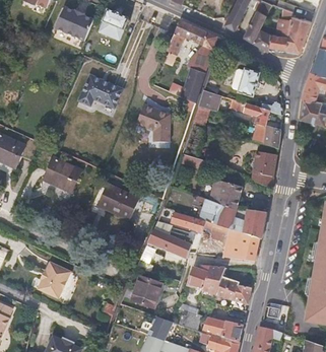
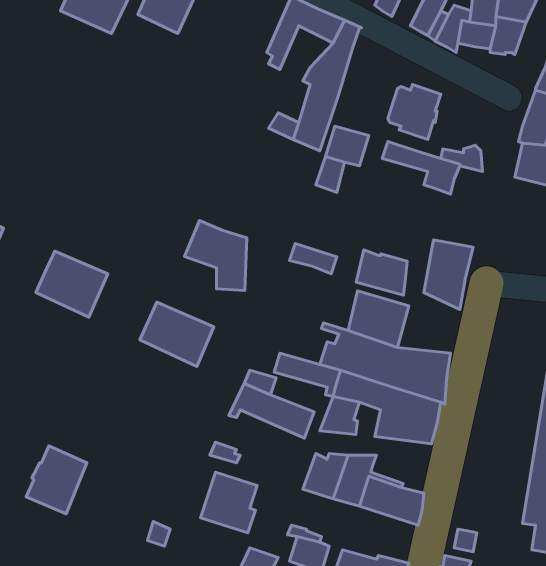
building: [78,75,123,108] -> none
building: [136,104,170,142] -> [184,221,247,291]
building: [253,124,280,148] -> [356,250,407,295]

